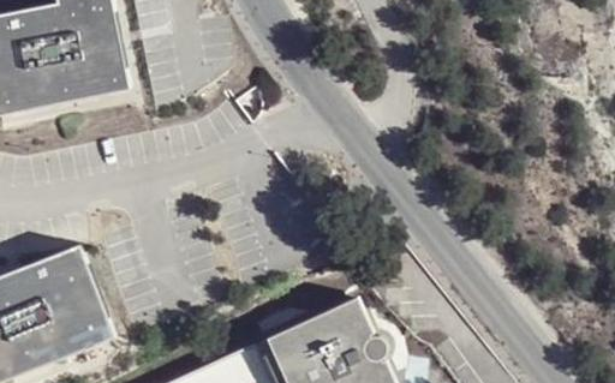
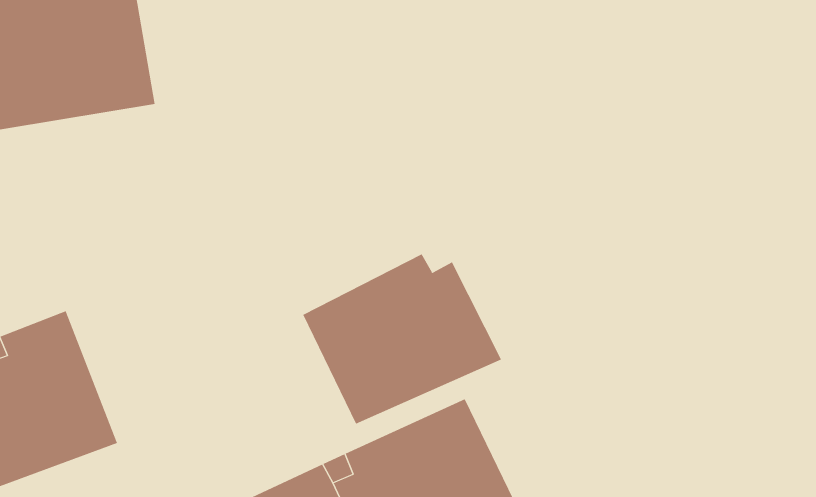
building: none -> [303,253,502,425]

